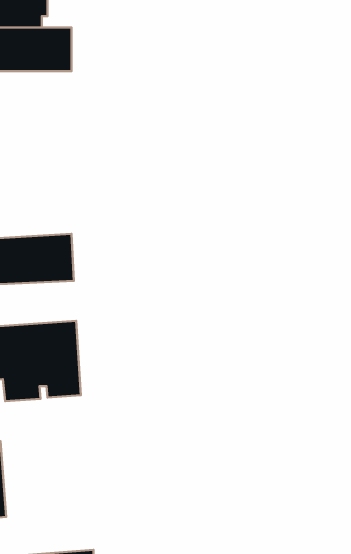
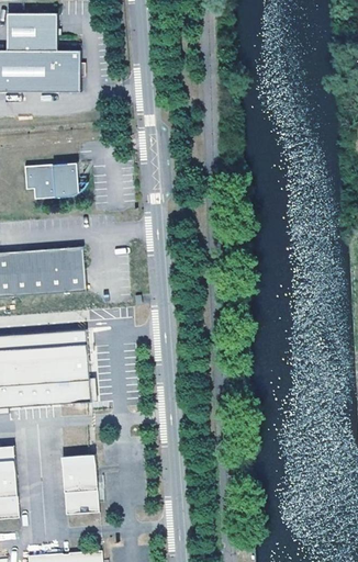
building: none -> [24,165,78,200]
building: none -> [61,456,99,516]

